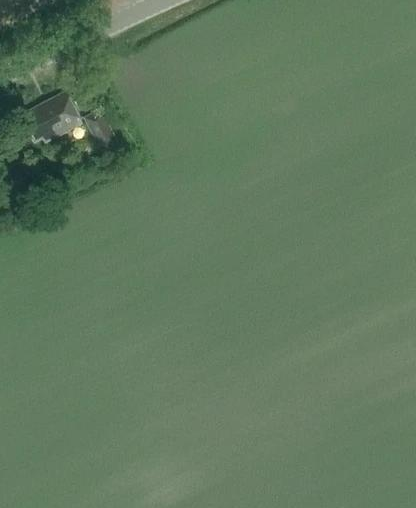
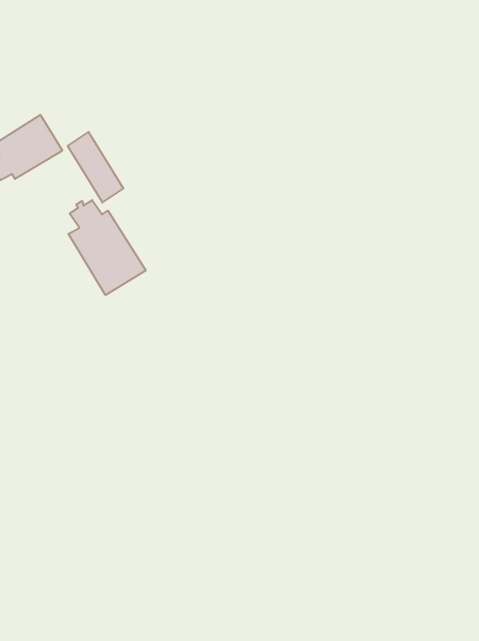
building: none -> [68,200,146,295]

